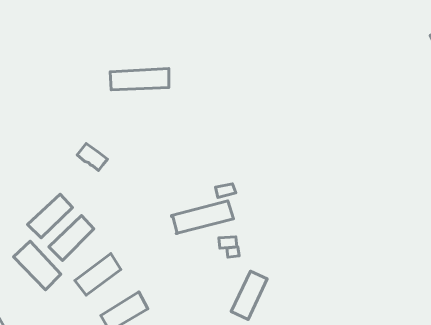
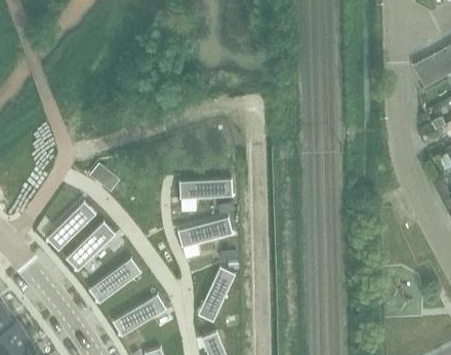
building: [110,68,169,90] -> [179,179,233,198]
building: [14,241,61,290] -> none
building: [231,271,267,319] -> [203,266,236,310]

